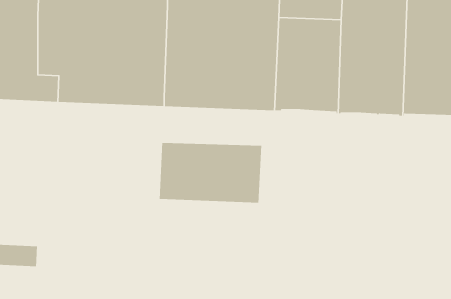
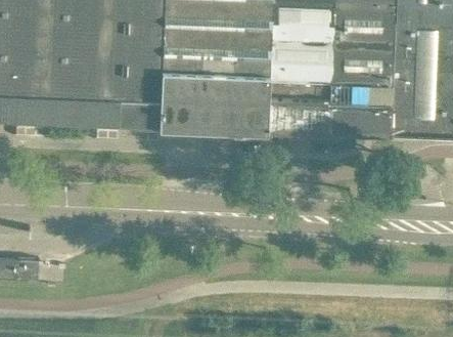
building: [159,142,262,204] -> none

